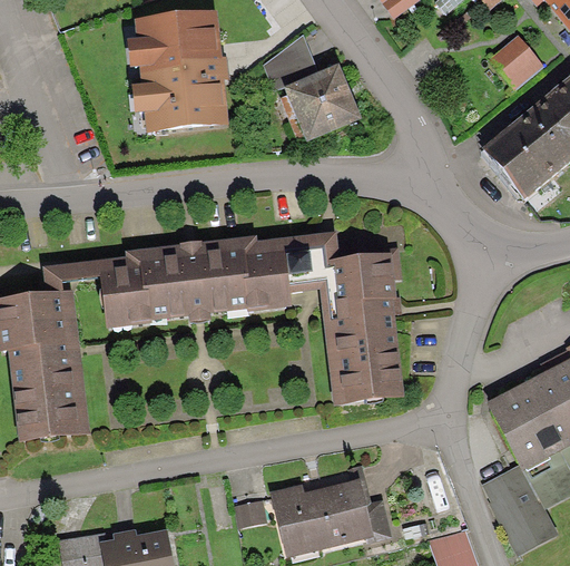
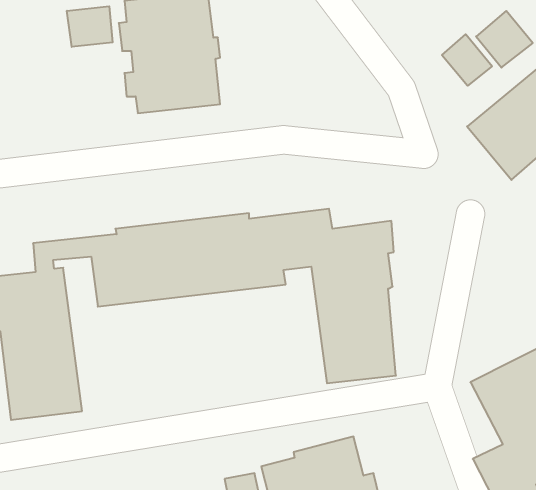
building: none -> [67,6,113,47]
building: [262,35,362,144] -> none
building: none -> [442,34,492,86]

